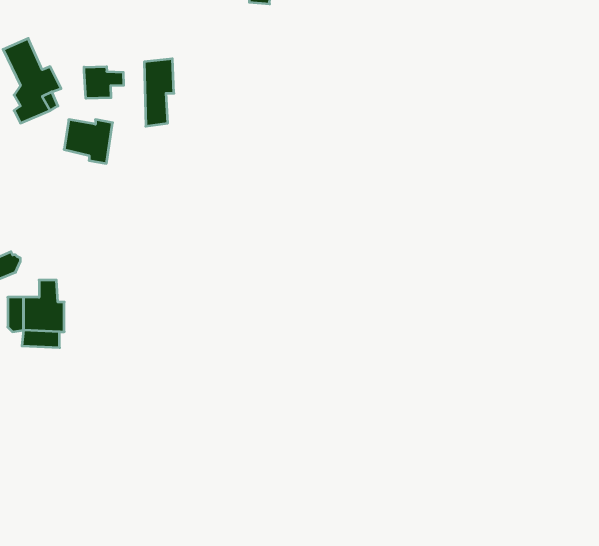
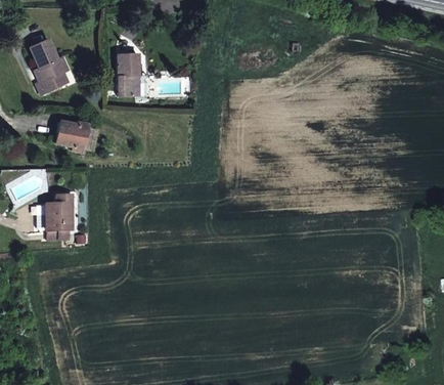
building: [84,67,124,98] -> none
building: [64,120,113,163] -> [59,124,91,153]

